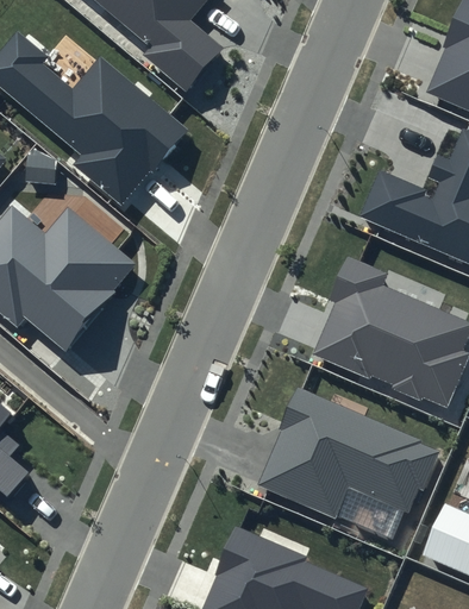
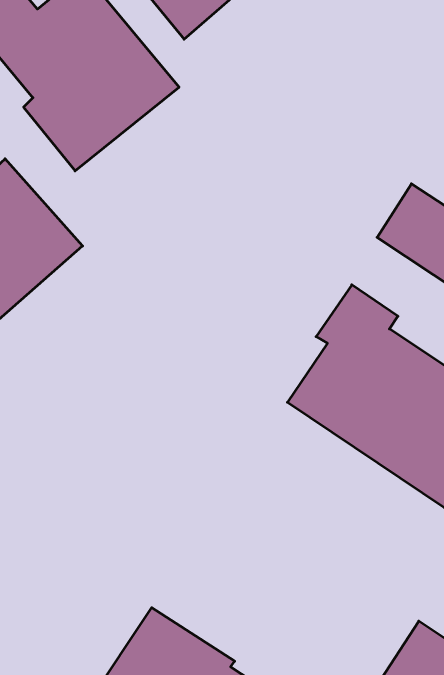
building: [258,389,439,519] -> none

